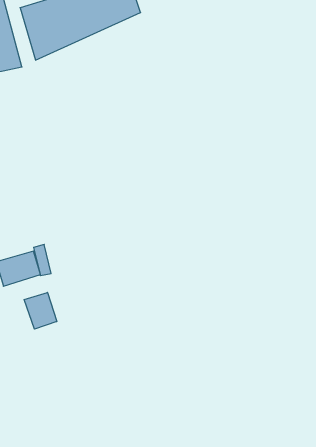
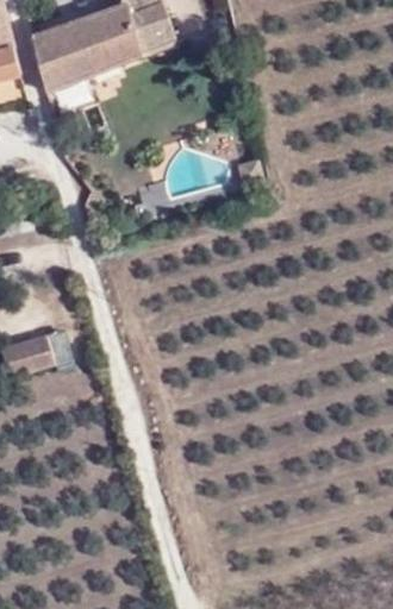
building: [24,292,57,329] -> none

